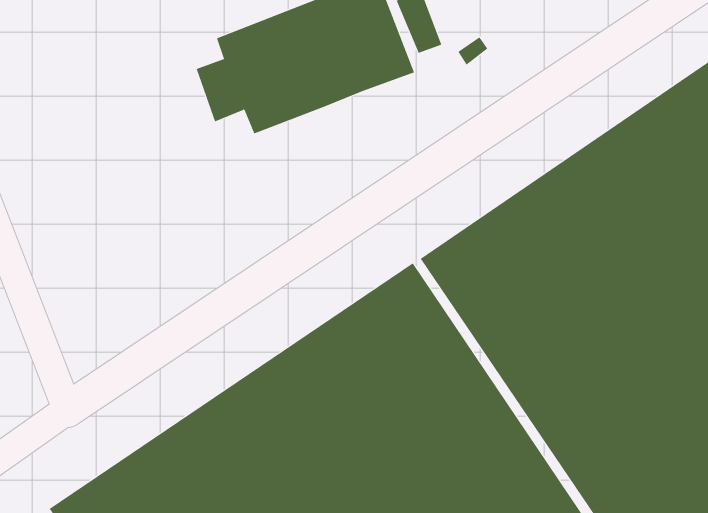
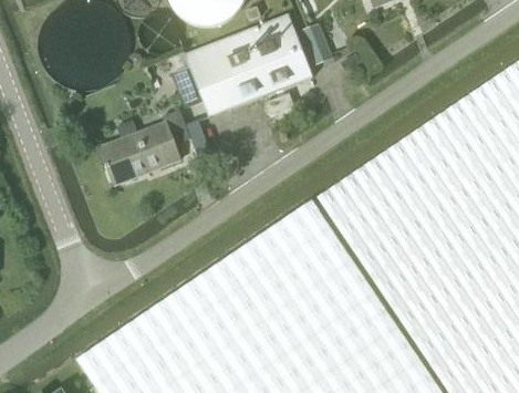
building: none -> [100,111,191,186]

